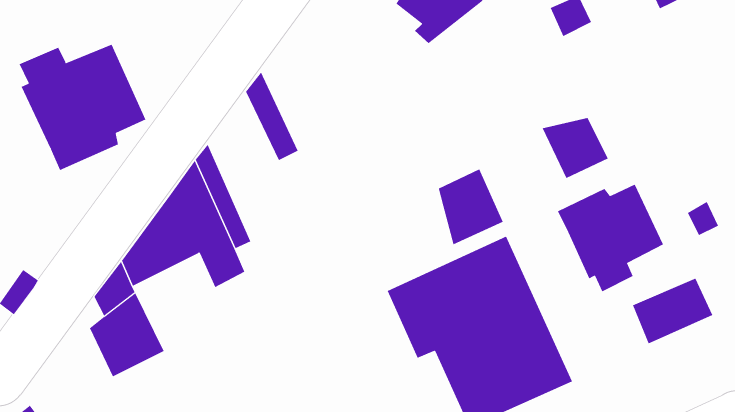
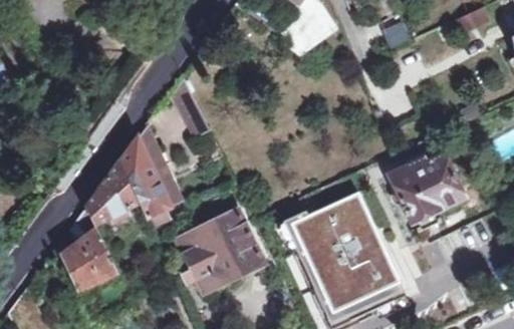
building: [19,44,146,171] -> none
building: [542,117,609,179] -> none
building: [438,168,504,245] -> none
building: none -> [175,209,262,292]

